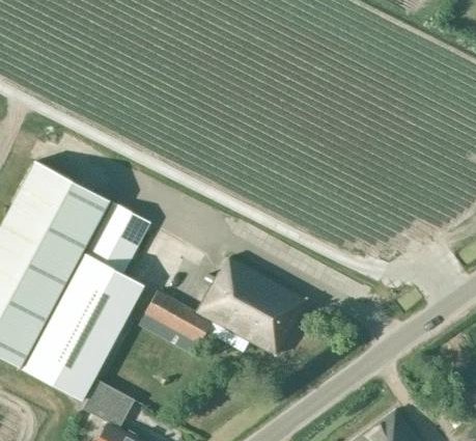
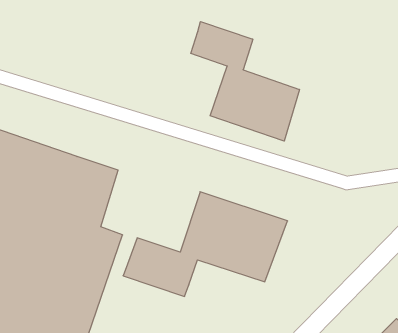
building: none -> [191,22,299,141]

